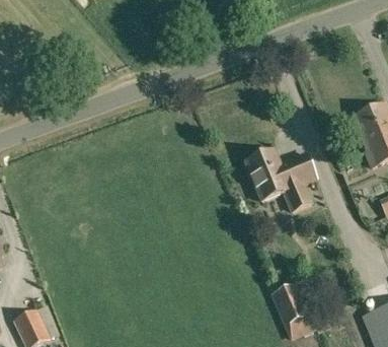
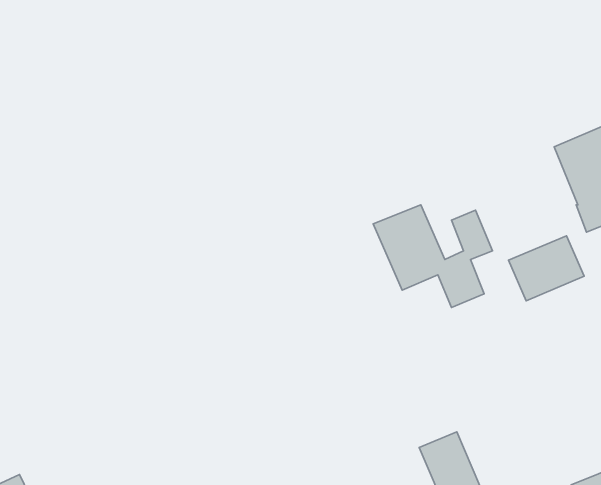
building: none -> [509,236,584,301]

